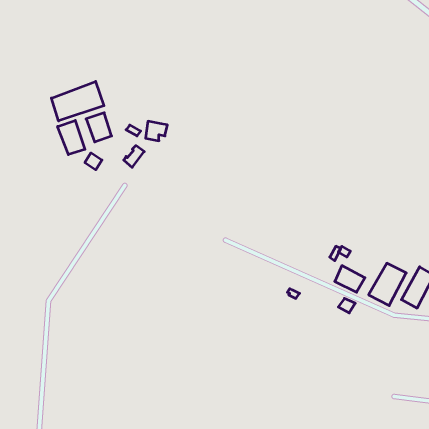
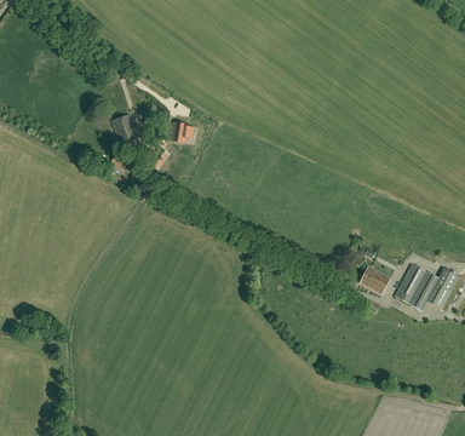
building: [51,81,104,121] -> none
building: [58,120,85,155] -> none

